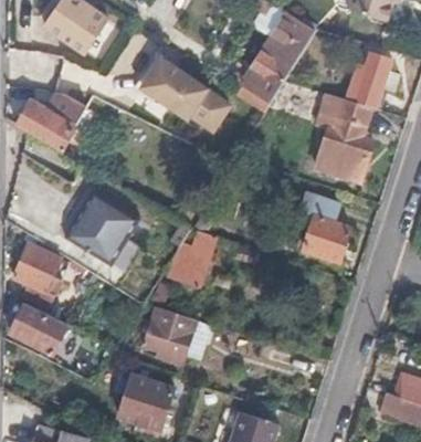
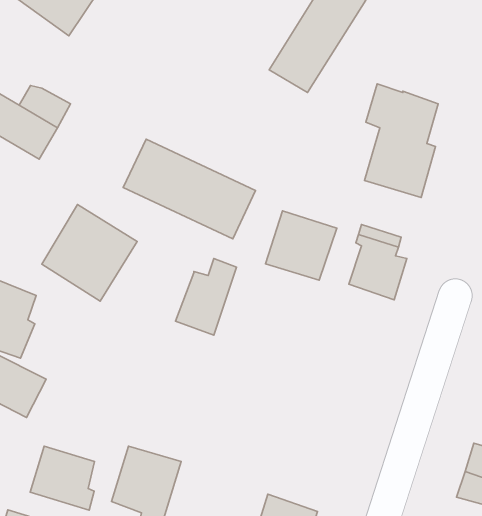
building: [345,52,390,110] -> none
building: [127,56,230,134] -> [123,139,255,239]
building: none -> [266,211,337,280]
building: [145,305,194,366] -> none
building: none -> [30,446,94,510]

